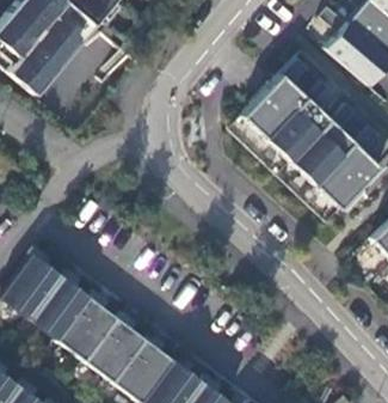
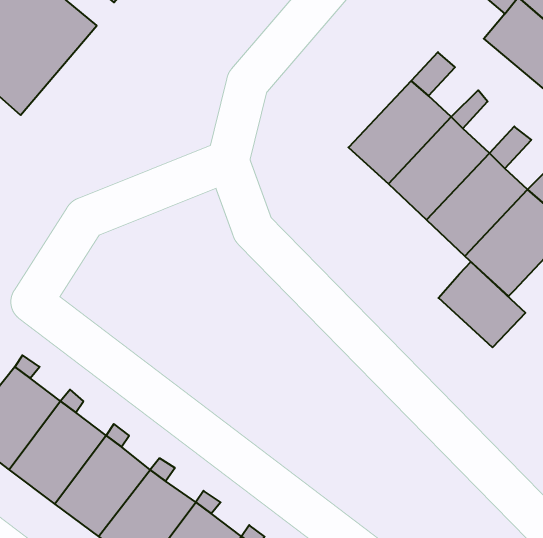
building: none -> [438,262,525,347]

